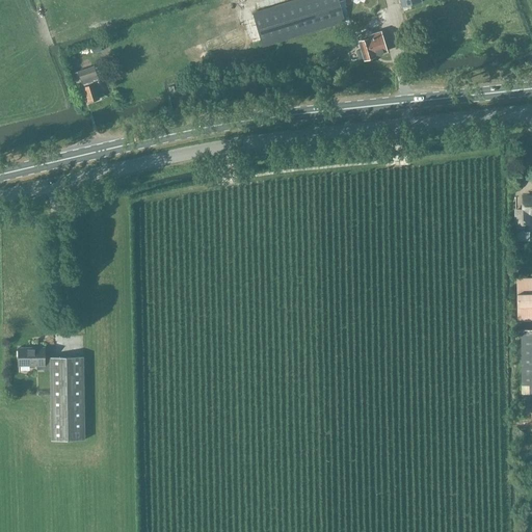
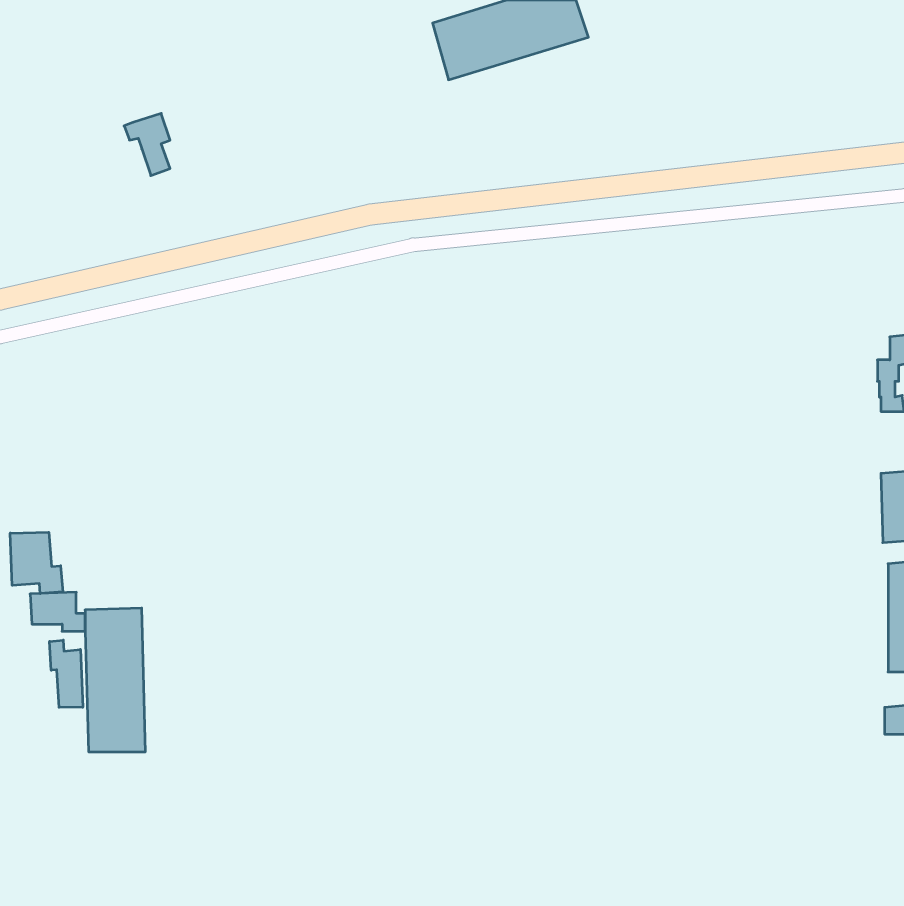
building: [357,31,388,60] -> none
building: none -> [10,532,63,594]
building: none -> [50,640,83,707]

